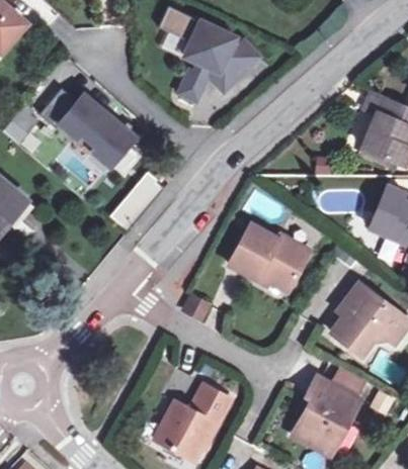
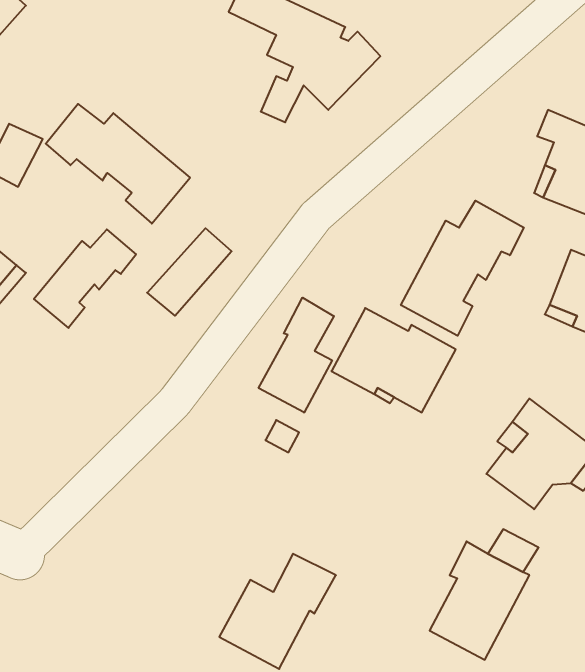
building: none -> [401,201,524,336]
building: none -> [34,229,136,328]
building: none -> [259,298,334,413]

